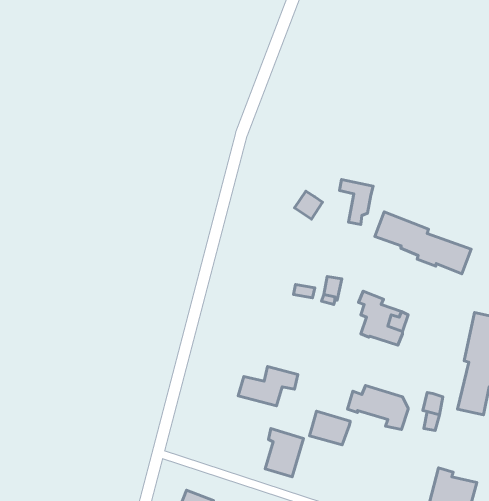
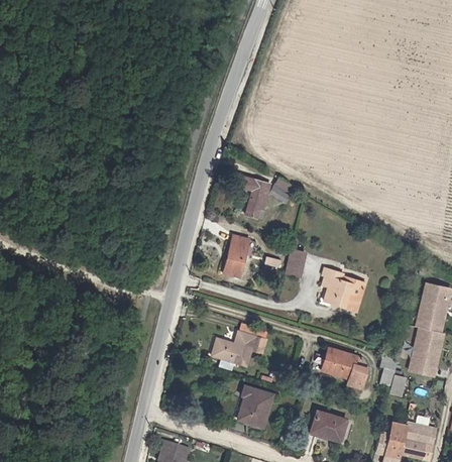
building: [339,179,373,224] -> [234,172,264,213]
building: [375,212,471,274] -> none
building: none -> [221,232,248,275]
building: [310,411,350,445] -> [311,415,347,445]

